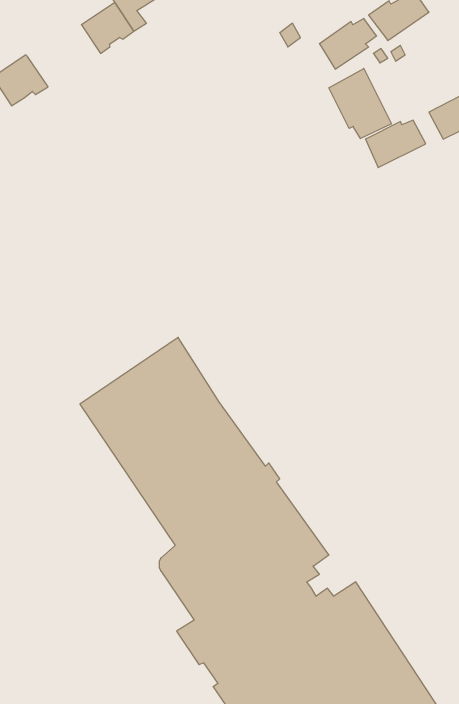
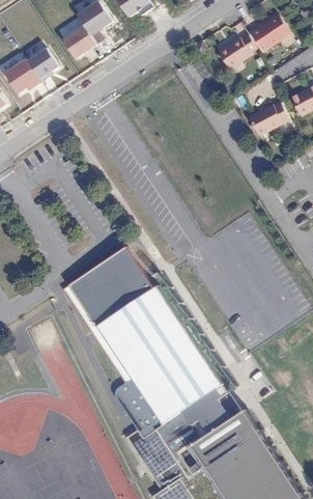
building: none -> [28,48,59,81]
building: [329,68,391,139] -> none

